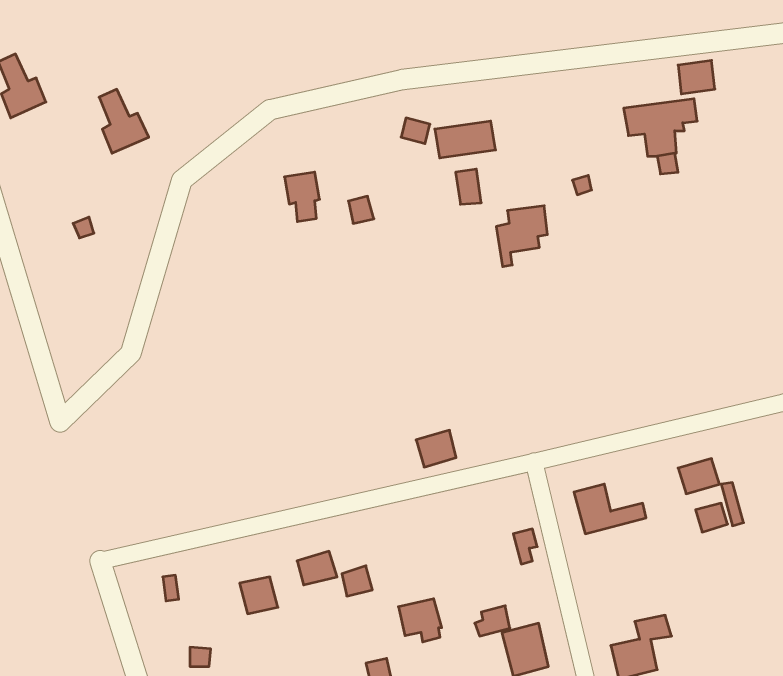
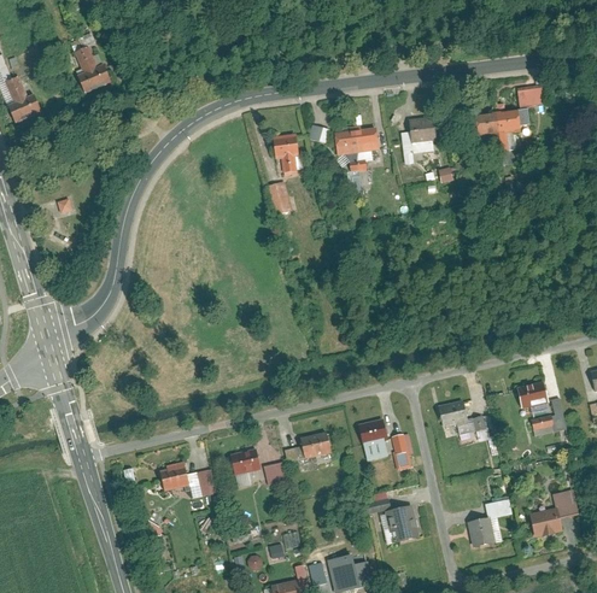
building: [99,89,149,153] -> [74,45,111,93]
building: [284,172,320,222] -> [271,133,298,170]
building: [496,206,547,267] -> [399,117,438,163]
building: [416,430,456,467] -> [357,418,387,446]
building: none -> [159,462,188,489]
building: [398,599,442,642] -> [298,430,330,463]
building: none -> [529,488,578,538]

